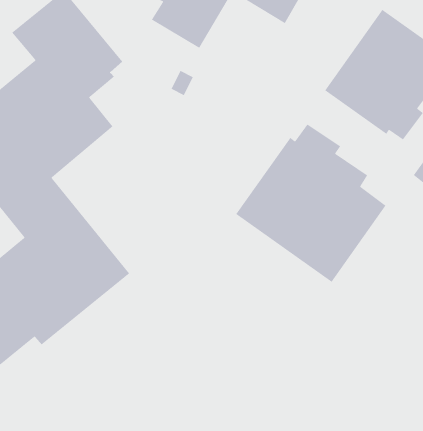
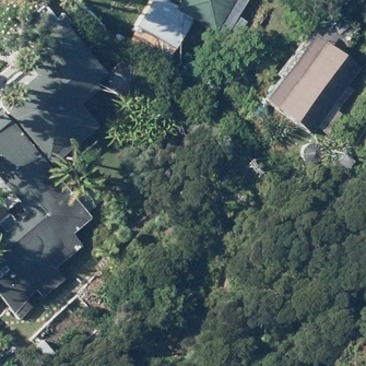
building: [235,123,387,283] -> none

